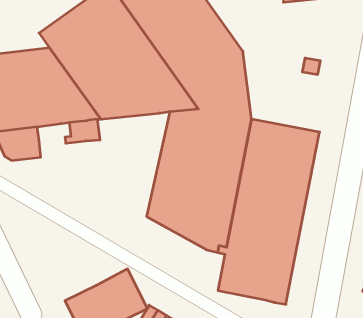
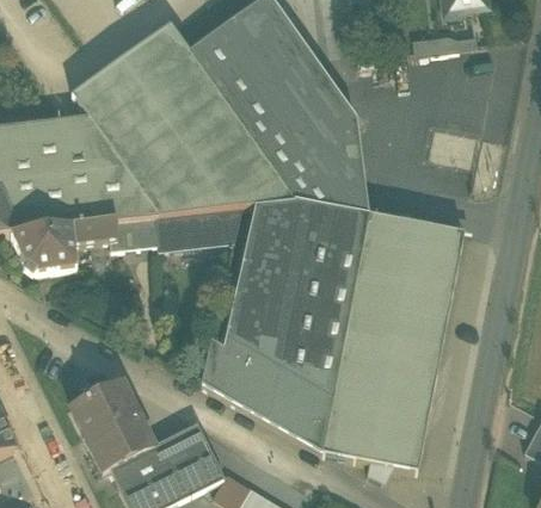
building: none -> [155,205,241,246]
building: none -> [72,218,118,243]
building: none -> [201,341,332,451]
building: none -> [70,379,154,469]

